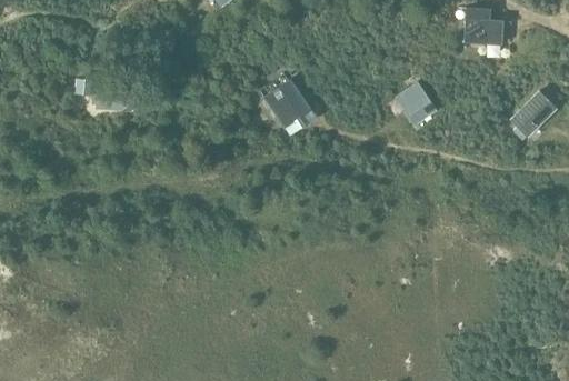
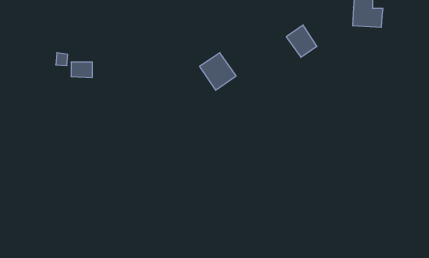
building: [395,82,435,124] -> [286,25,317,57]
building: [508,90,556,138] -> none

